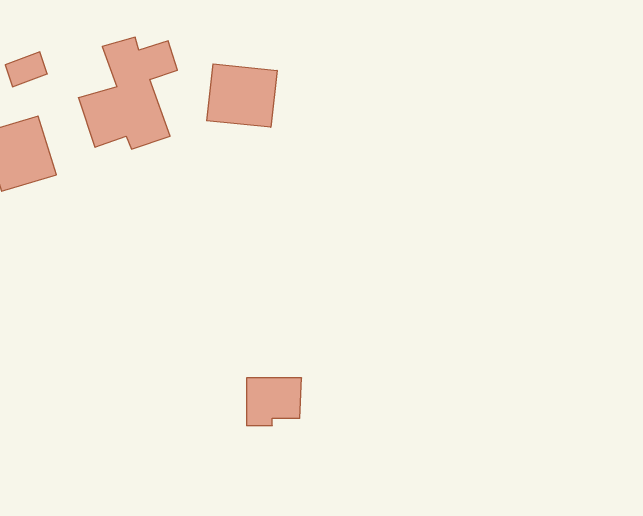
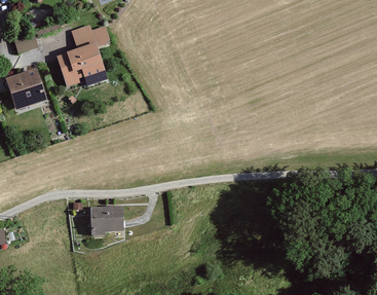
building: [207,64,277,127] -> none
building: [247,378,302,426] -> [92,208,123,234]

